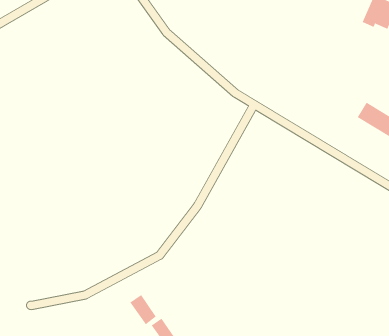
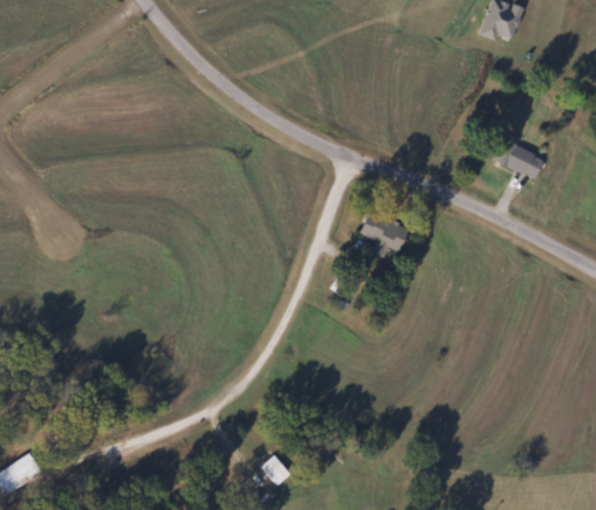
building: none -> [357,210,409,254]
building: [130,294,156,325] -> none

